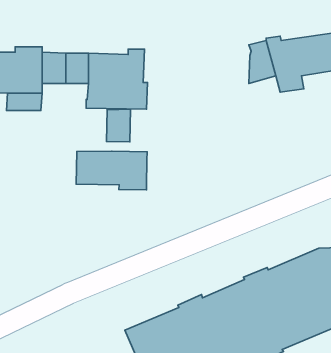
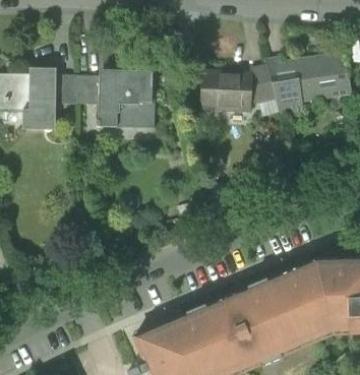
building: none -> [199,71,251,110]
building: [107,109,130,142] -> none
building: [76,151,147,190] -> none

